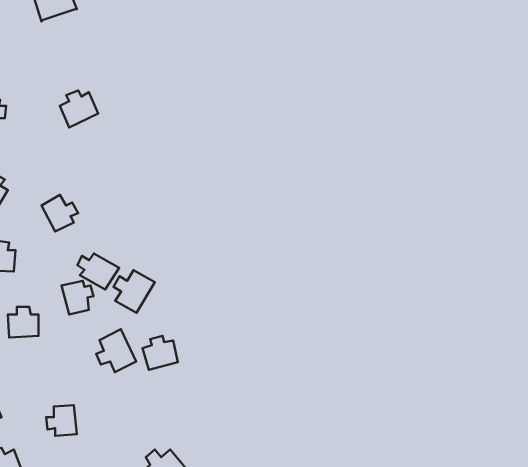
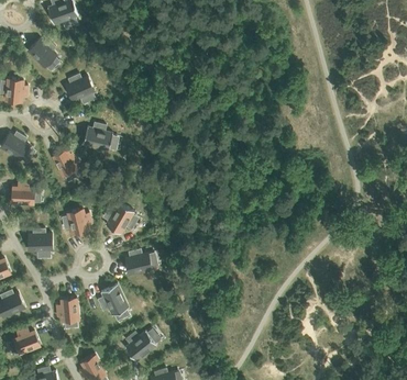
building: none -> [28,38,56,67]
building: none -> [82,122,112,150]
building: [77,254,119,290] -> none
building: [96,329,136,372] -> [99,283,128,314]

